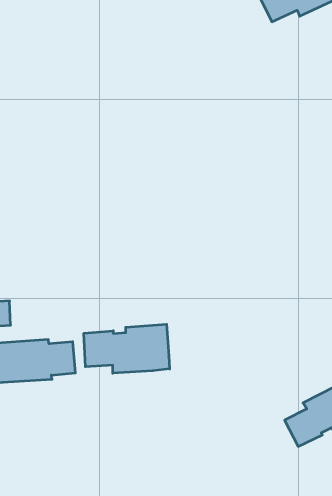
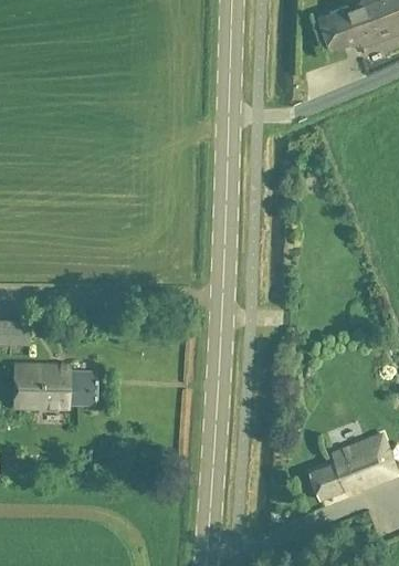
building: [84,324,170,373] -> none

